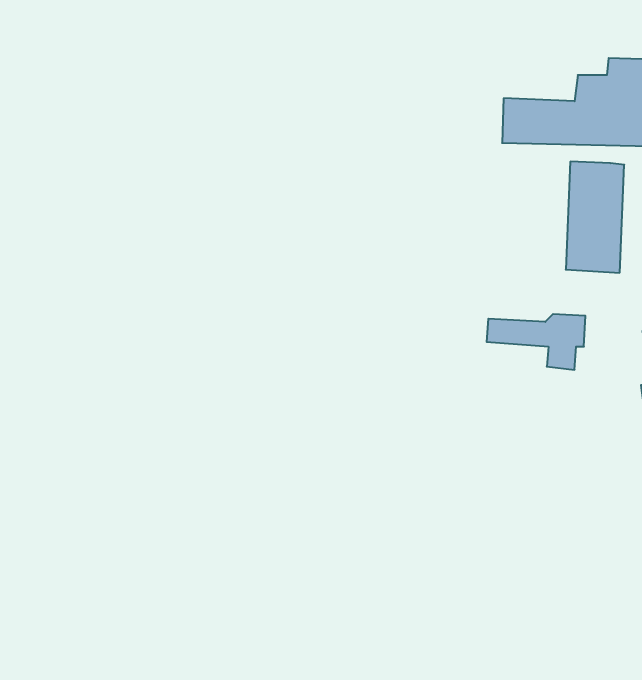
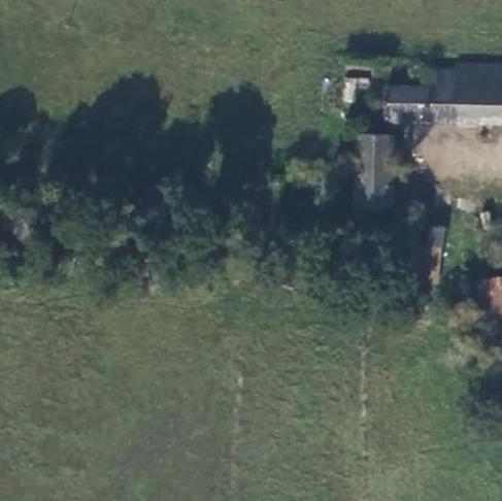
building: [566,162,624,273] -> [356,136,395,210]

